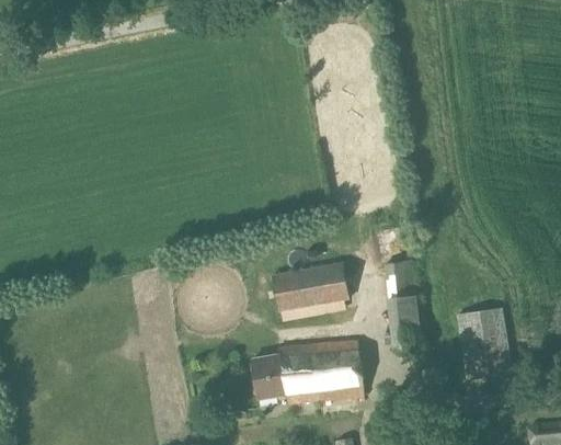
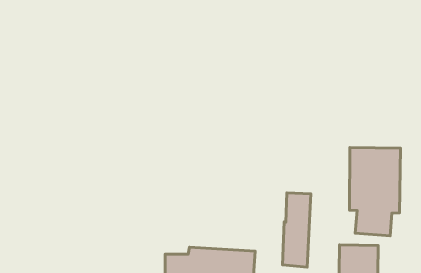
building: none -> [350,147,401,236]
building: [272,260,351,312] -> none

